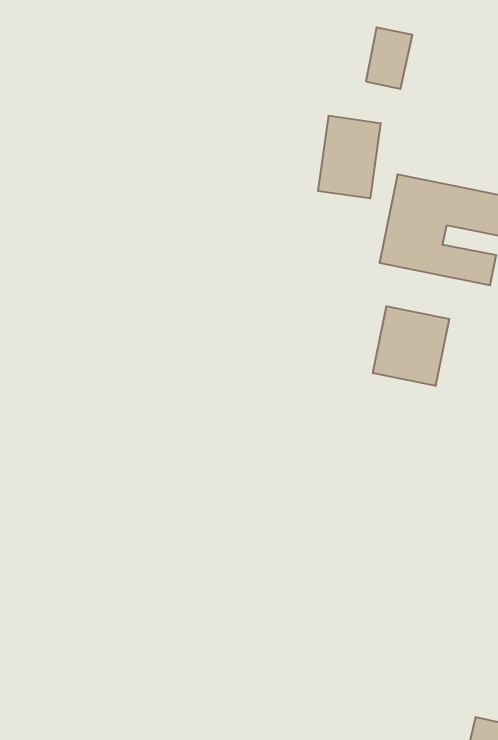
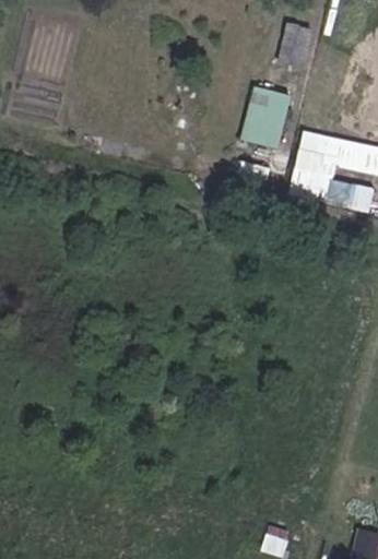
building: [373,306,449,386] -> none

